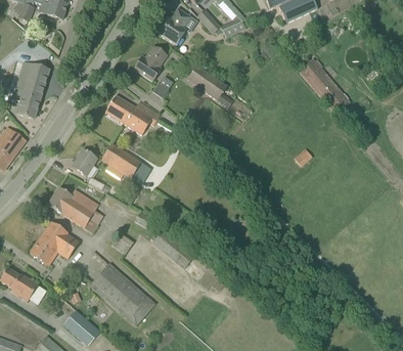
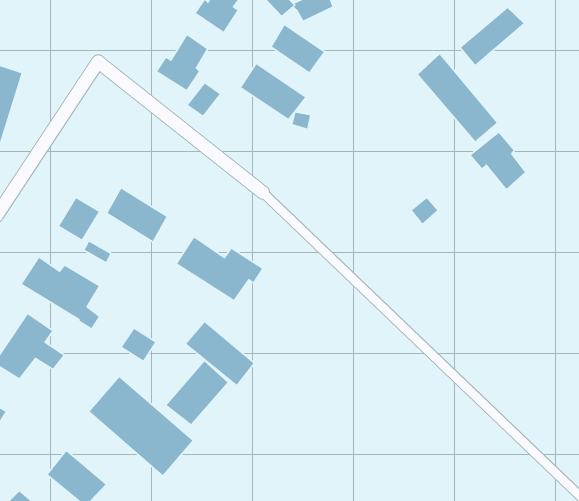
building: none -> [460,7,524,66]
building: none -> [271,24,325,73]
building: [104,94,160,135] -> [176,236,263,301]
building: none -> [470,132,526,190]
building: none -> [165,360,229,425]

